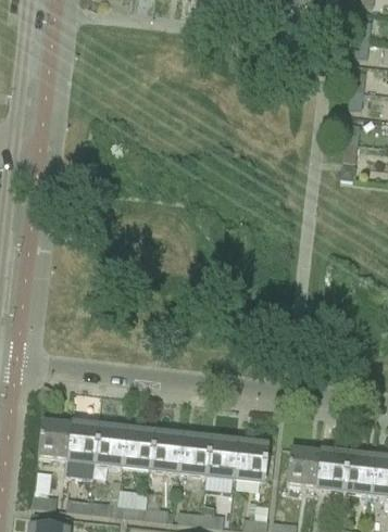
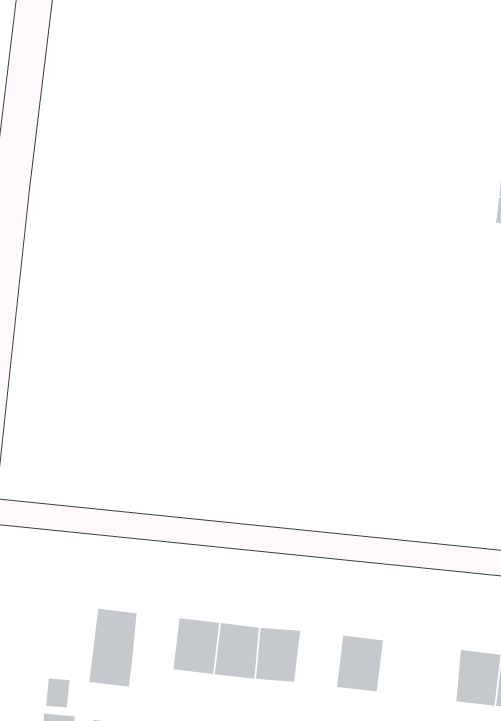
building: [39,420,72,459] -> none
building: [96,427,127,466] -> none
building: [206,439,239,478] -> none
building: [287,448,320,487] -> none

